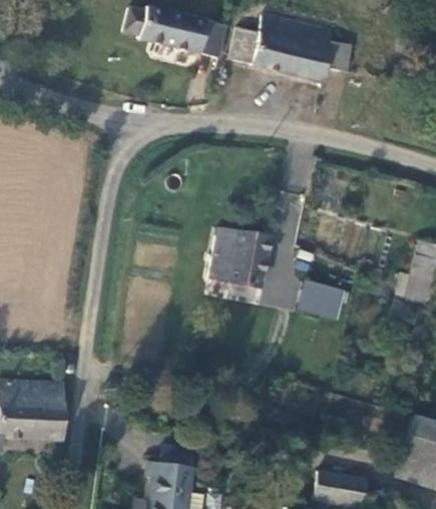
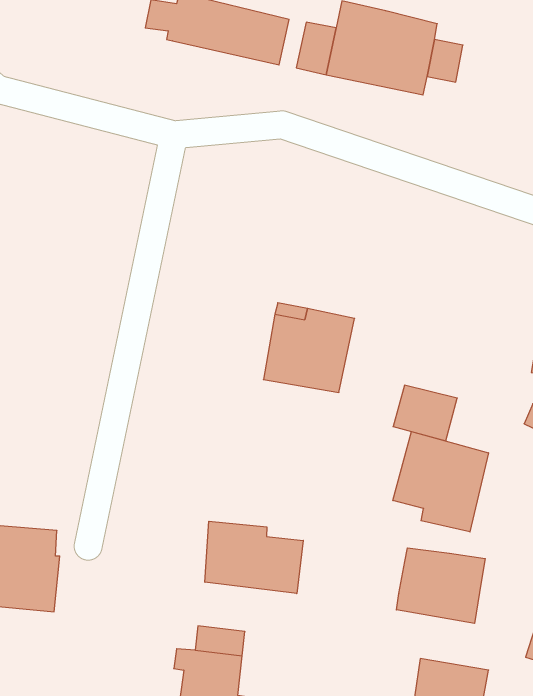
building: none -> [393,432,488,532]
building: none -> [205,521,303,594]
building: none -> [396,548,485,623]

